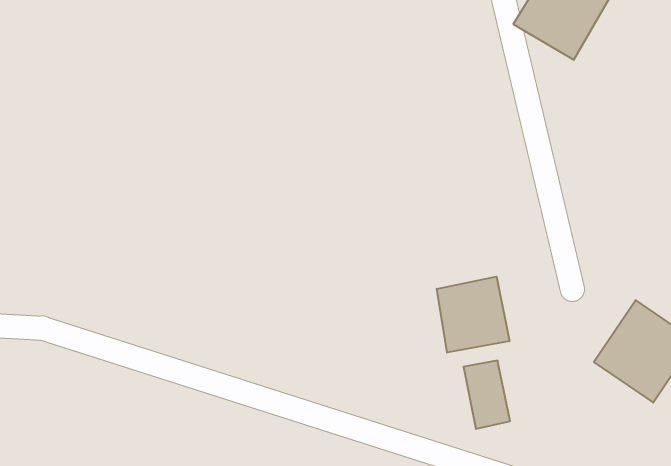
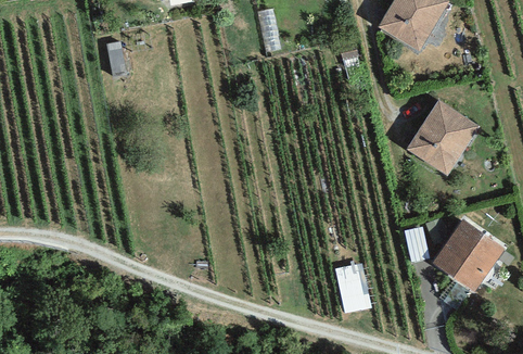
building: none -> [407,99,479,176]
building: [437,277,509,353] -> none

